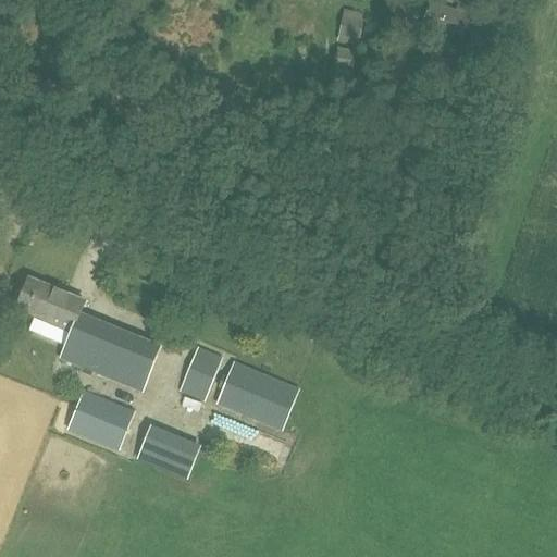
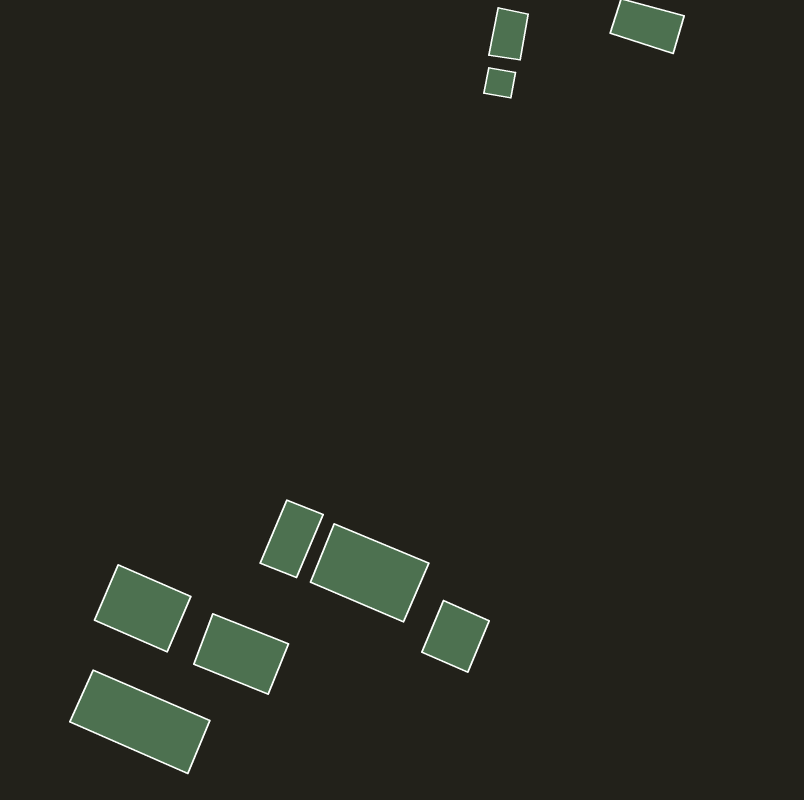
building: [14,276,159,392] -> none
building: none -> [422,601,489,672]
building: none -> [70,670,210,773]

